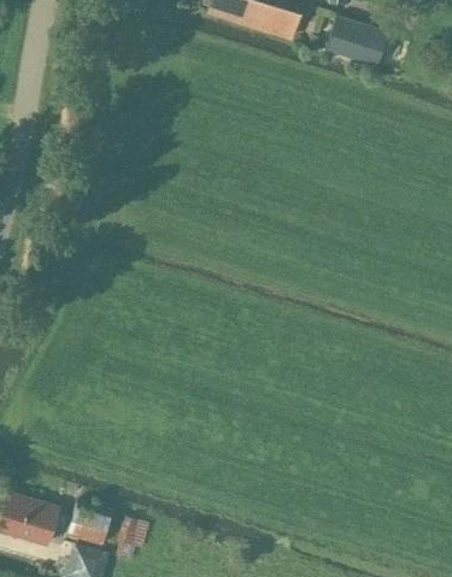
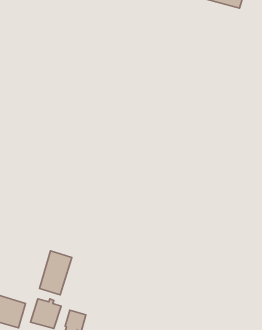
building: none -> [39,251,72,295]

